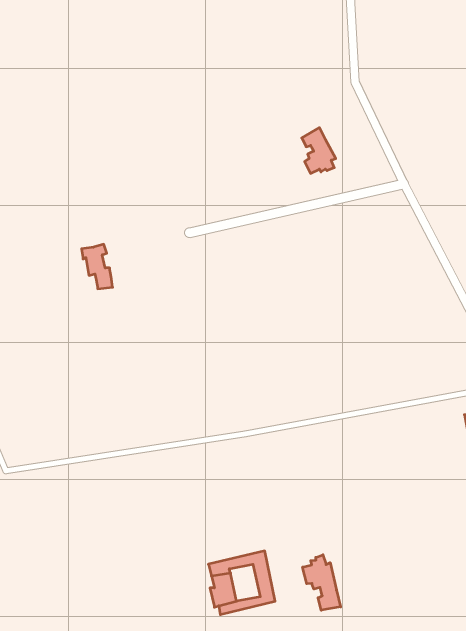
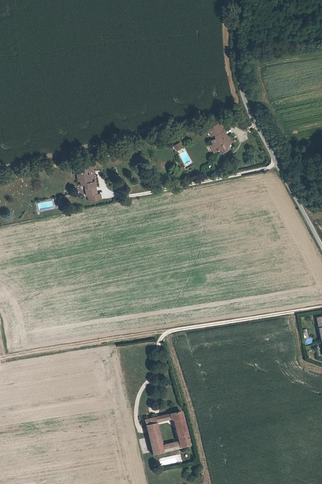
building: [82,244,113,289] -> [76,165,97,195]
building: [303,555,341,610] -> none

